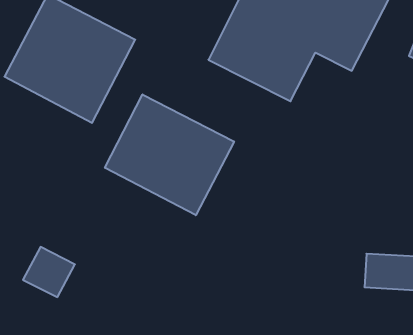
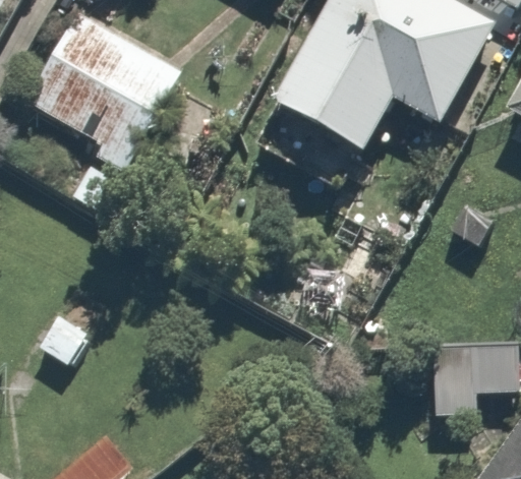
building: [105,94,234,215] -> none

